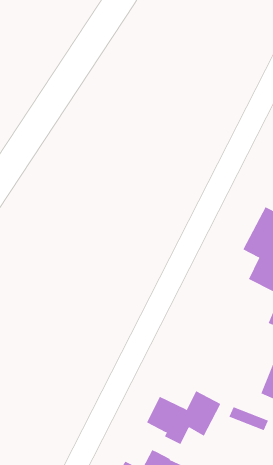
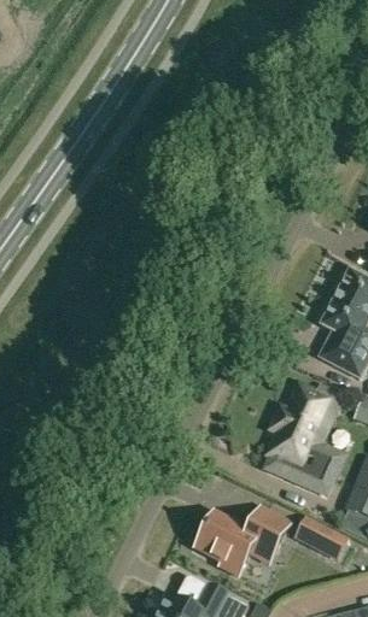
building: none -> [270,383,341,492]

